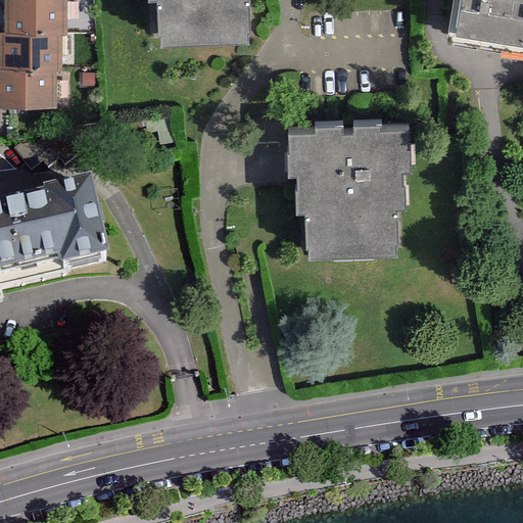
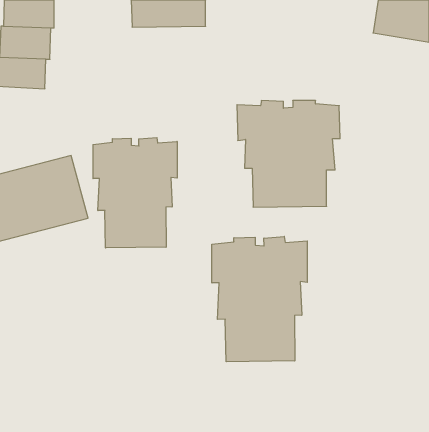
building: none -> [93,138,177,248]
building: none -> [212,236,307,362]

